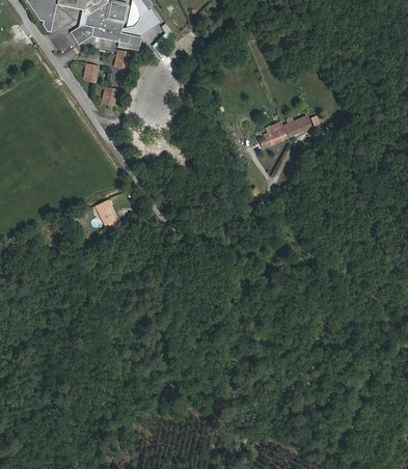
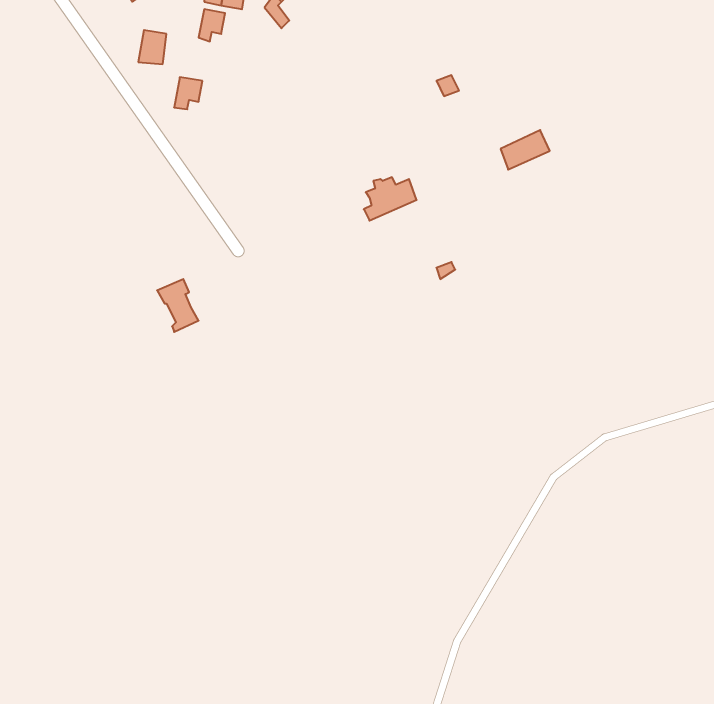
building: [259,125,288,148] -> [364,177,417,221]

